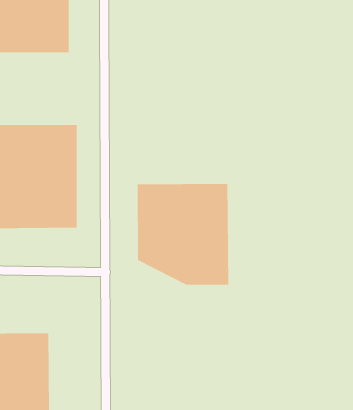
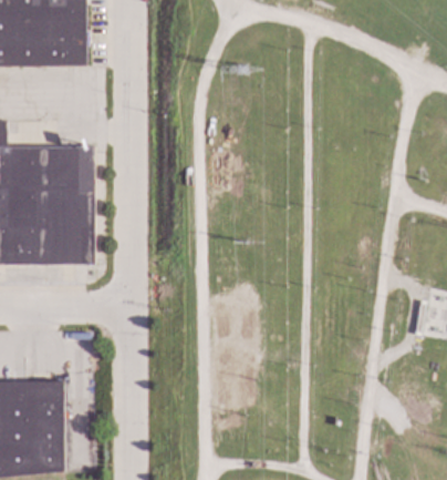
building: [137,183,229,286] -> none

